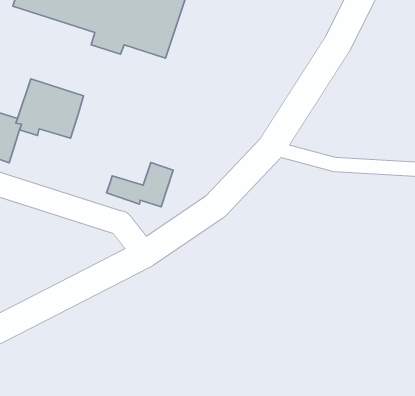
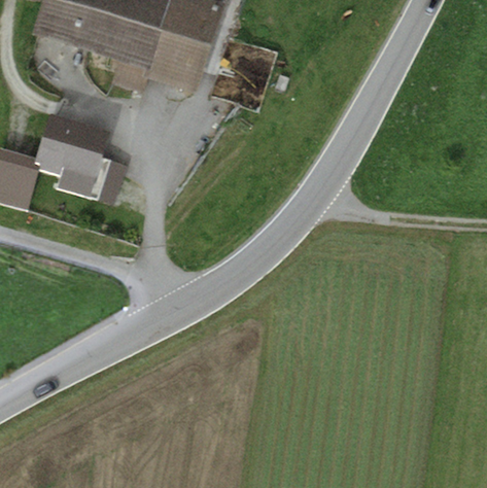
building: [106,163,173,207] -> [53,154,126,203]

